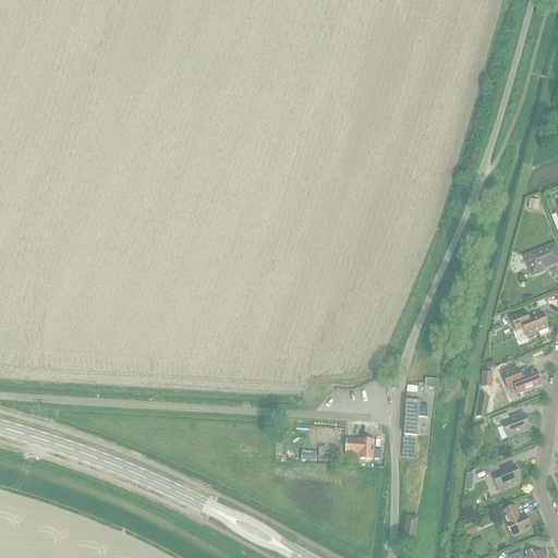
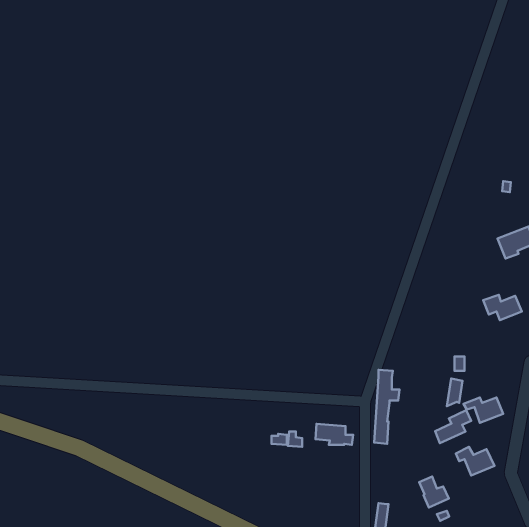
building: [501,365,542,391] -> none
building: none -> [435,410,471,443]
building: [501,502,531,533] -> [419,477,449,507]

